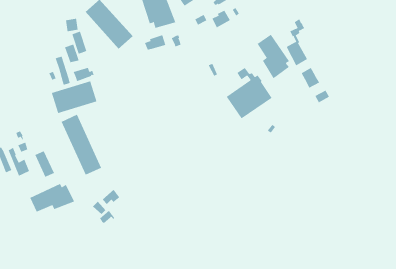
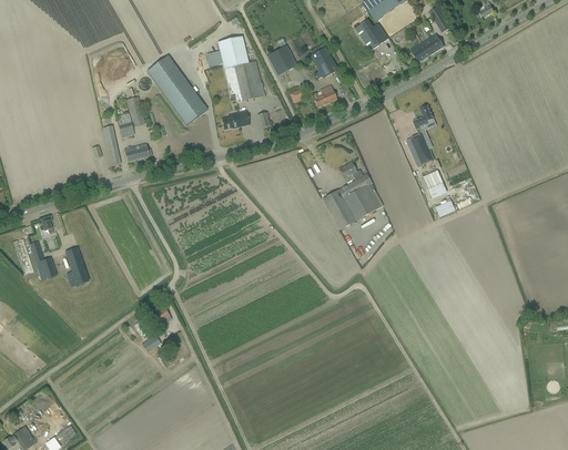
building: [257,34,290,79] -> none
building: [51,81,97,114] -> none
building: [61,114,102,176] -> none
building: [29,183,75,213] -> none

